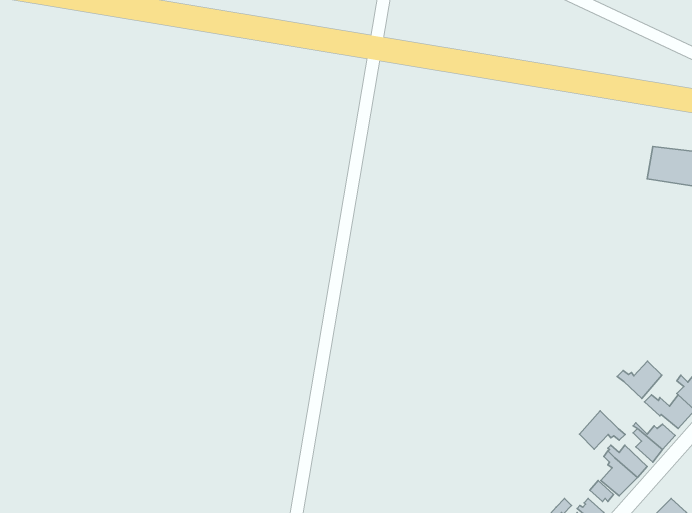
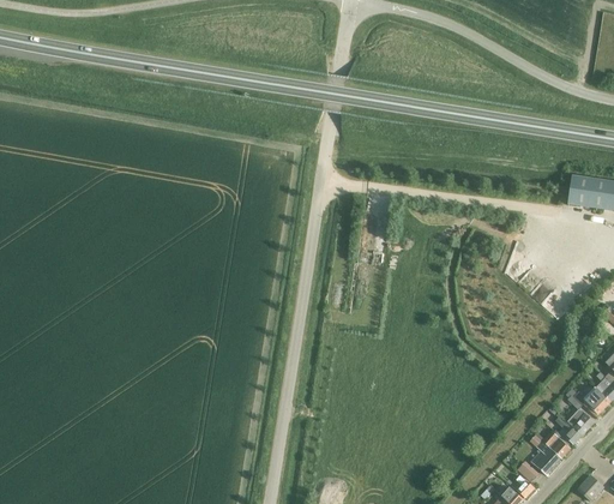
building: [617,361,662,399] -> none
building: [580,411,625,449] -> none

